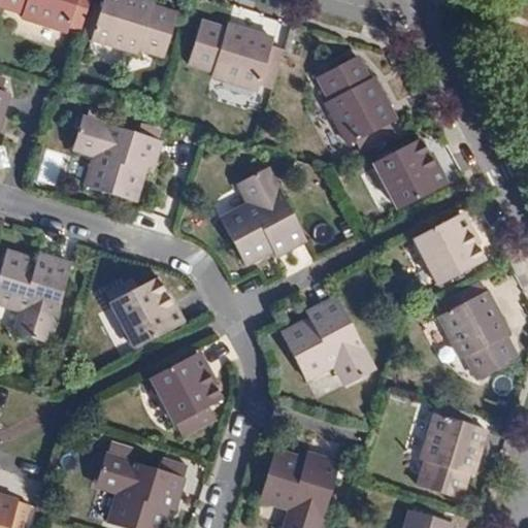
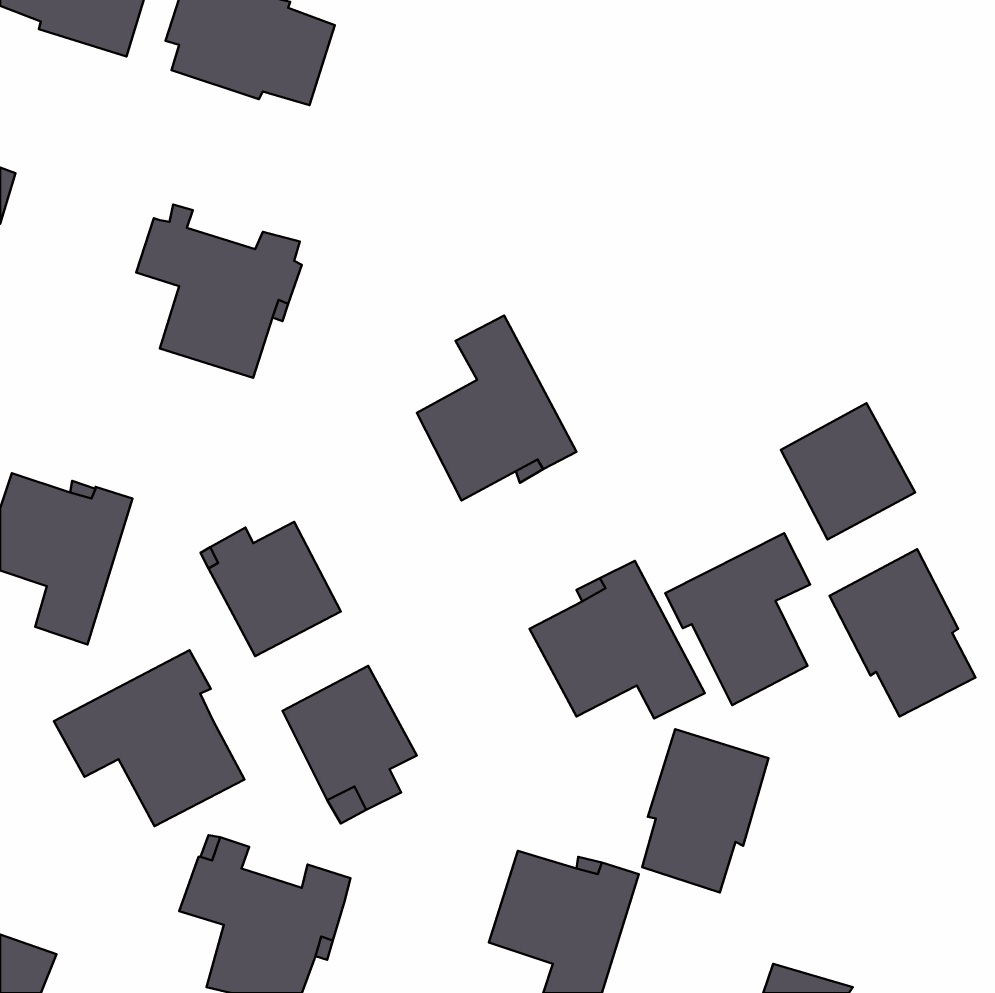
building: [188,21,272,90] -> none
building: [318,56,395,143] -> none
building: [373,137,444,209] -> none
building: none -> [665,533,810,705]
building: none -> [54,650,244,826]
building: [418,414,485,500] -> [642,729,769,893]

